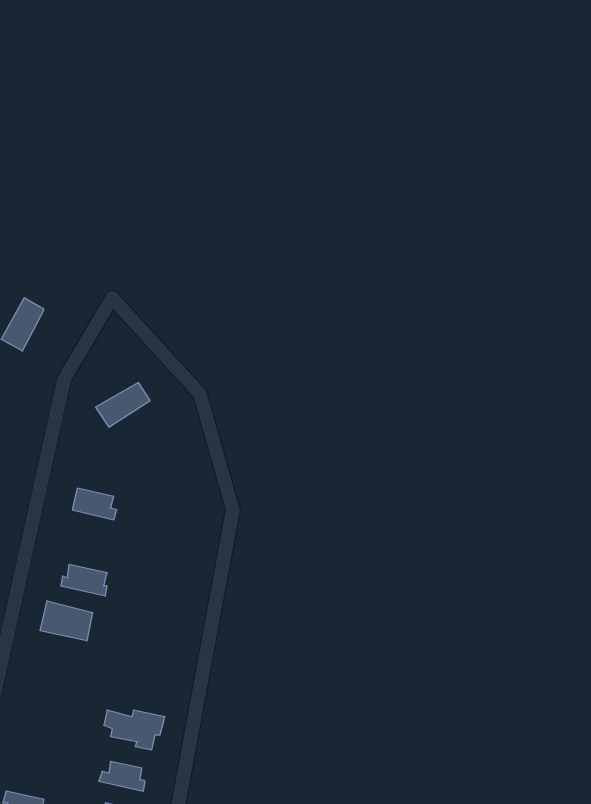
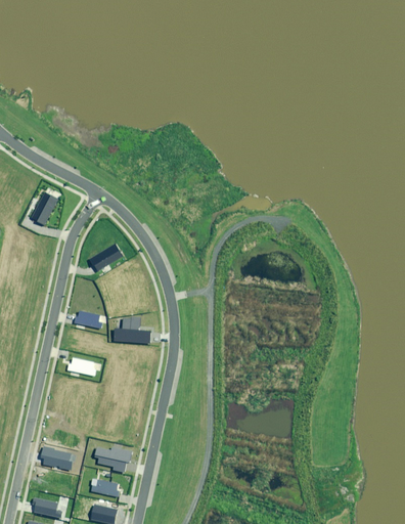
building: none -> [115,316,151,343]
building: [40,601,93,641] -> none
building: none -> [42,445,75,469]

